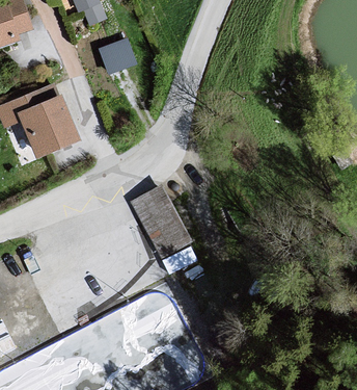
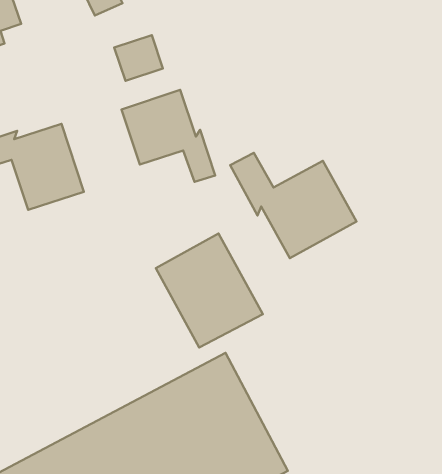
building: none -> [121,90,215,182]
building: none -> [230,153,356,258]

